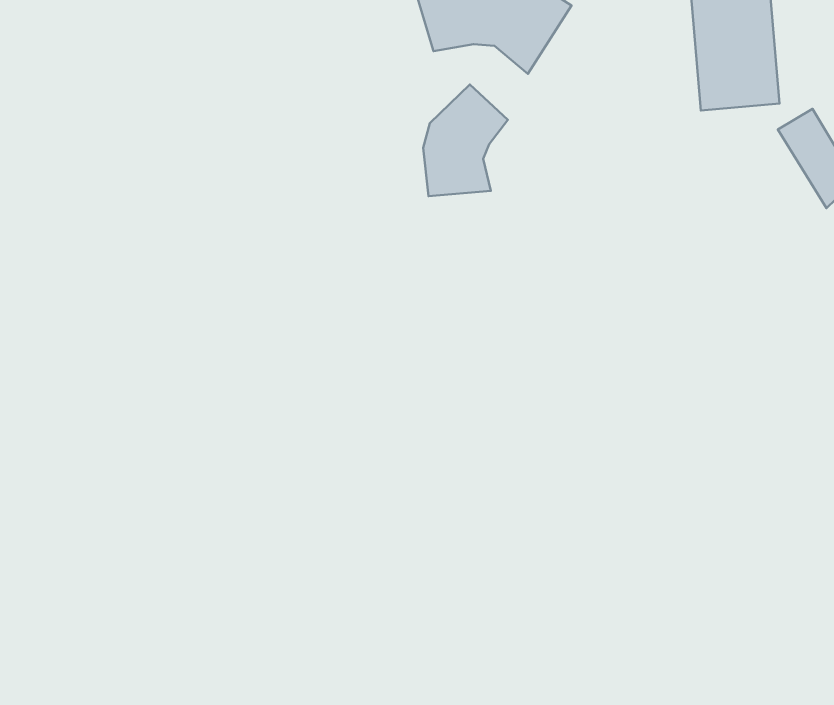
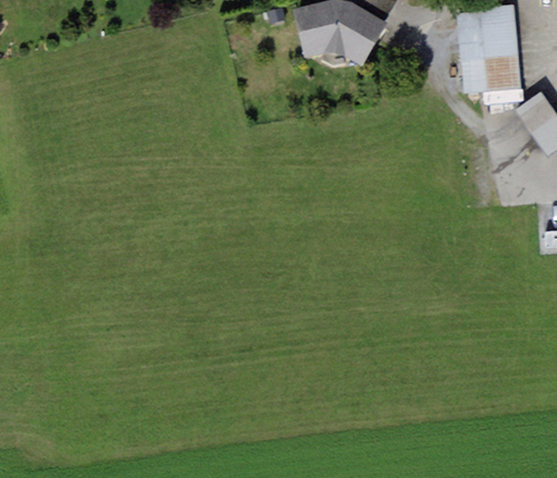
building: [423,84,508,196] -> none

